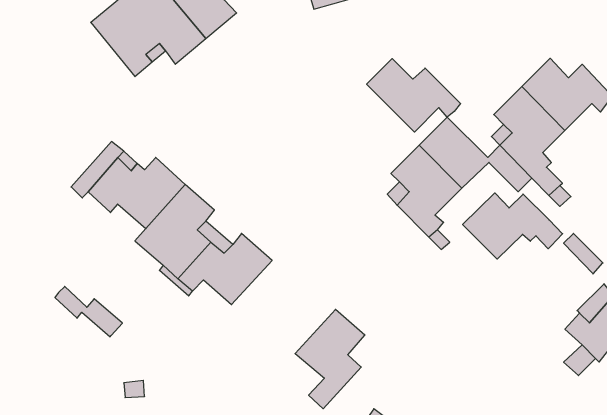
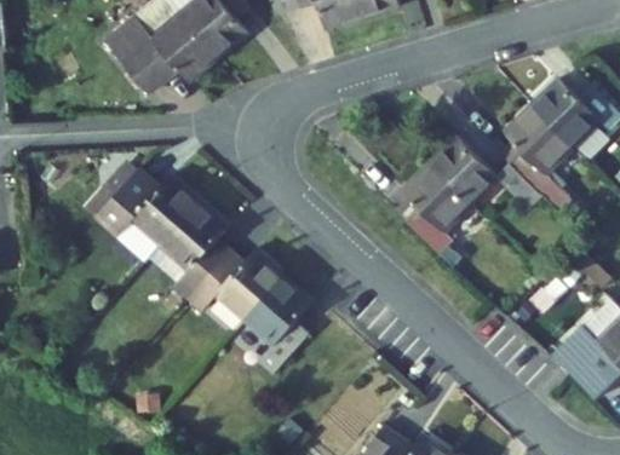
building: [367,59,461,132] -> none
building: [463,193,563,259] -> none
building: [55,286,122,337] -> [92,208,159,258]
building: [295,309,365,409] -> [243,276,312,374]

